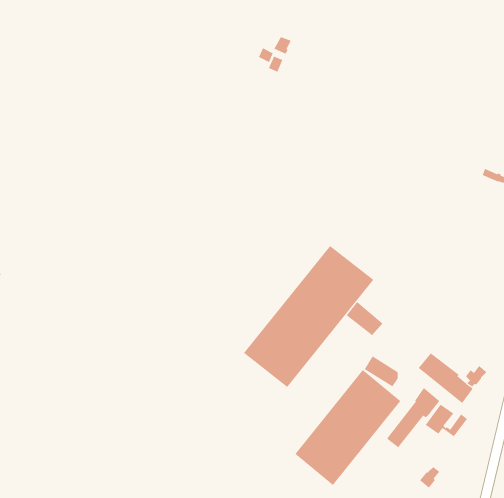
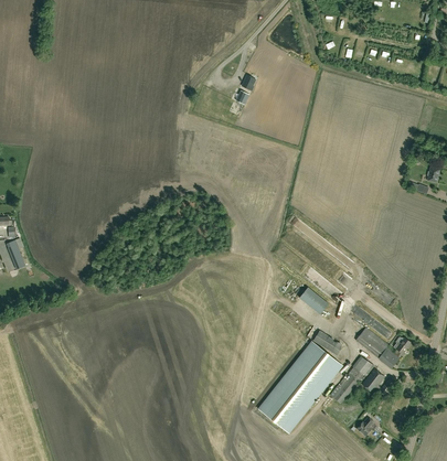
building: [243,245,374,388] -> none

